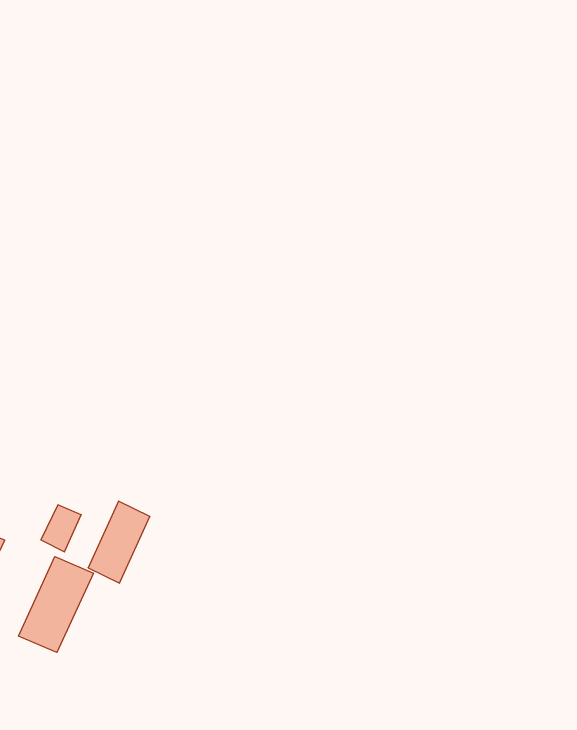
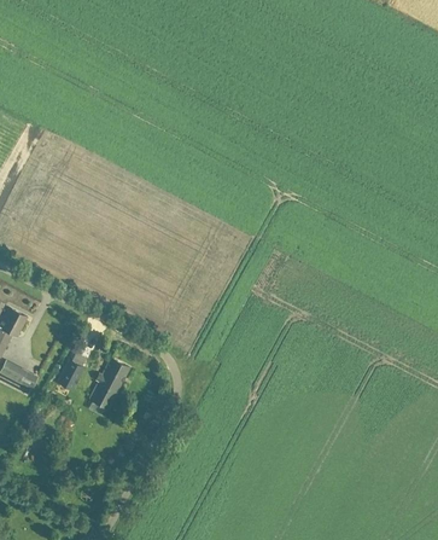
building: [18,557,93,652] -> none

